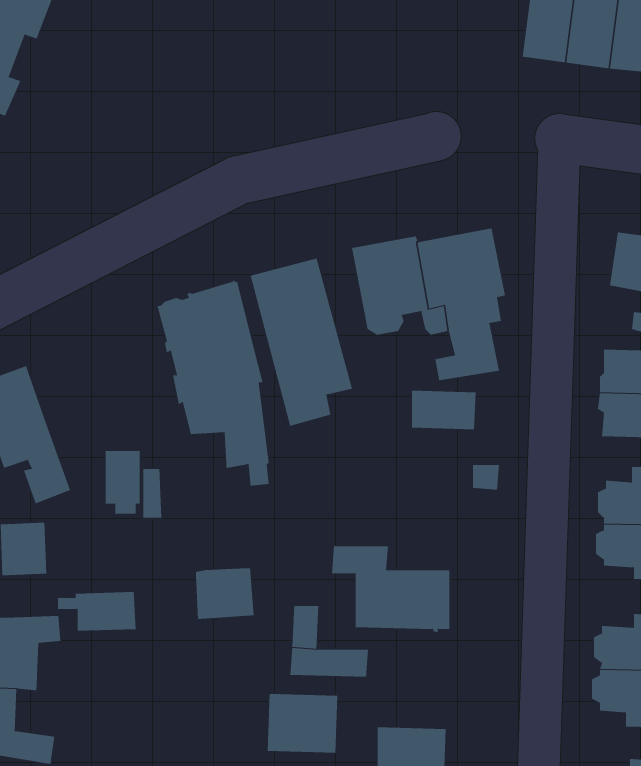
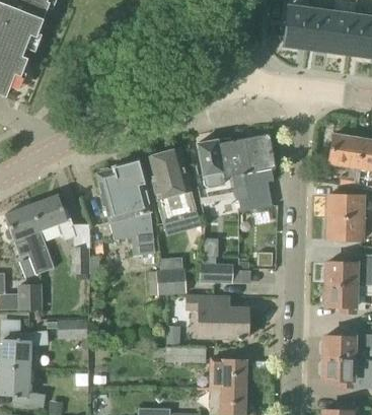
building: none -> [31,195,76,240]
building: [411,390,477,430] -> [200,263,233,283]
building: [195,568,255,619] -> [156,269,187,295]
building: [267,693,338,753] -> [210,358,246,389]

